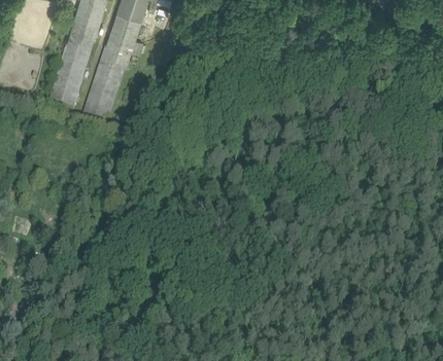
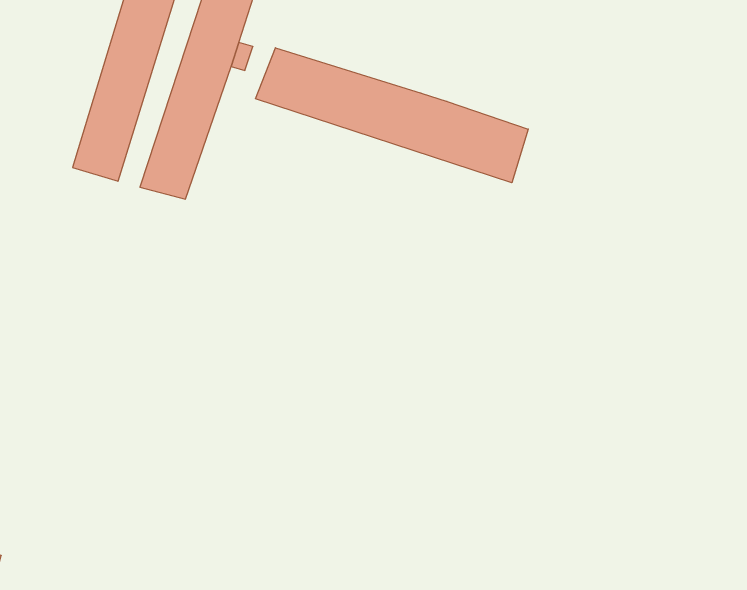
building: none -> [255,48,528,183]

